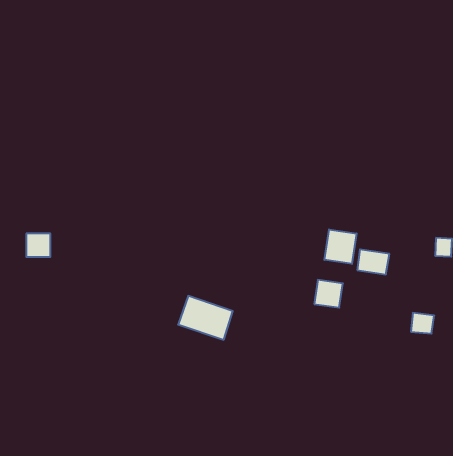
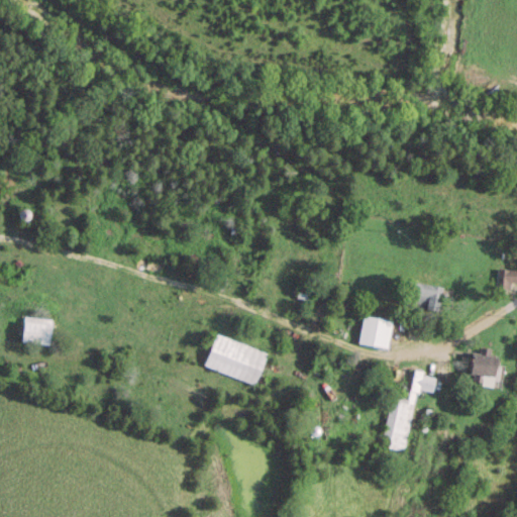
building: [324,229,357,264] -> none
building: [26,234,50,257] -> [28,316,56,342]
building: none -> [385,368,437,451]

